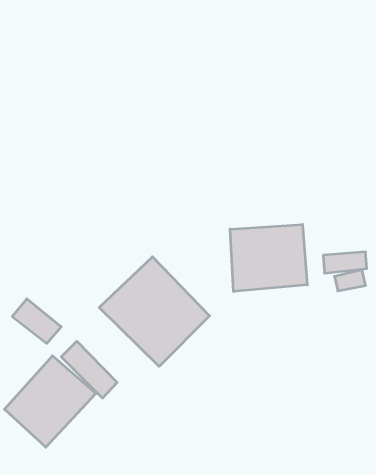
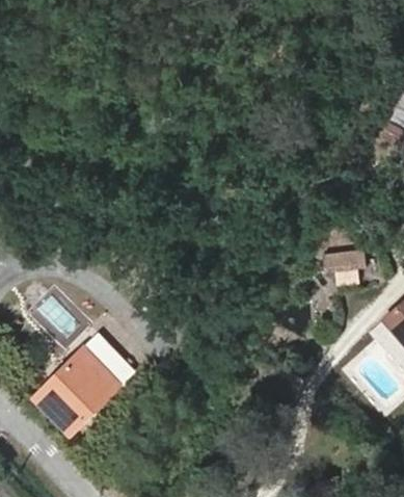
building: [230,224,307,292] -> none
building: [99,257,210,366] -> none

